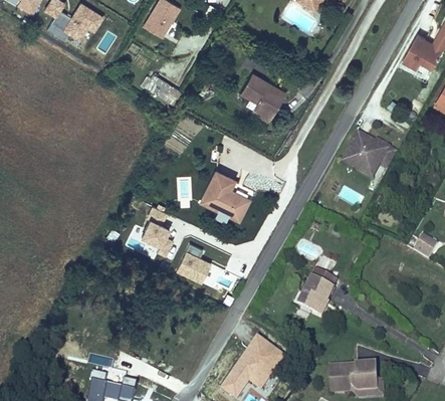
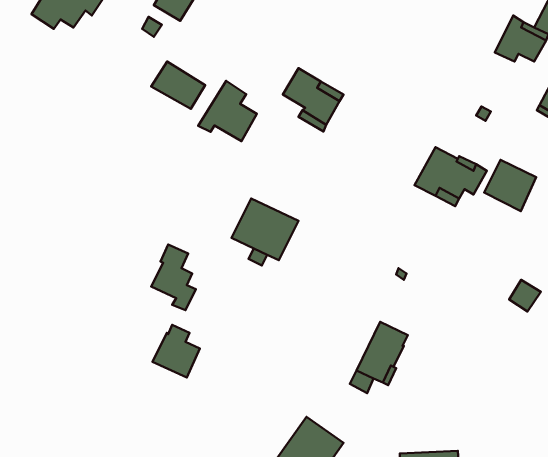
building: none -> [198,81,257,141]
building: none -> [484,160,536,211]
building: [175,245,211,285] -> [153,325,200,377]

